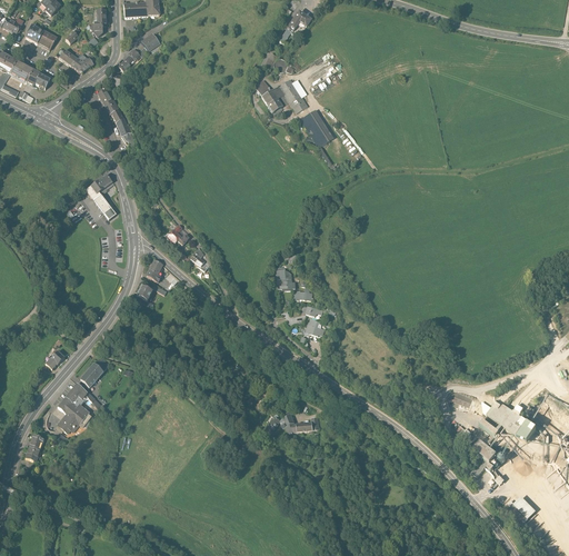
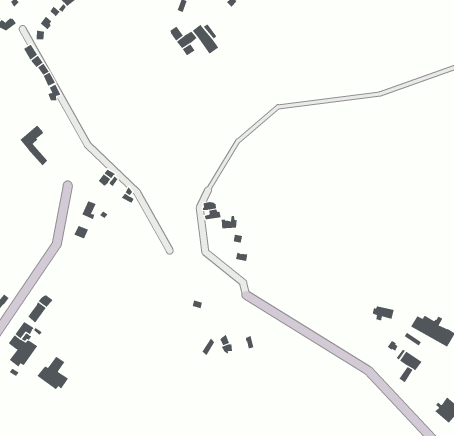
building: [299,110,332,147] -> none
building: none -> [37,356,69,390]

